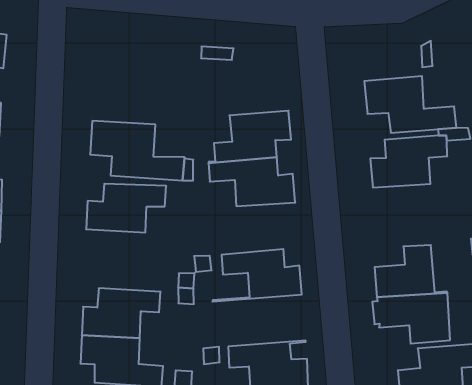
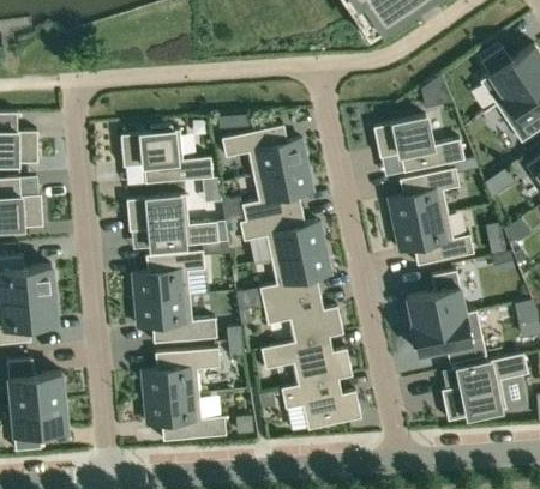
building: none -> [121,127,212,185]
building: none -> [222,126,307,177]
building: none -> [395,215,474,265]
building: none -> [260,249,331,307]
building: none -> [136,296,217,344]
building: none -> [262,333,353,391]

